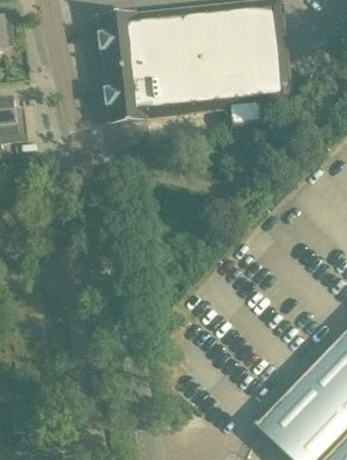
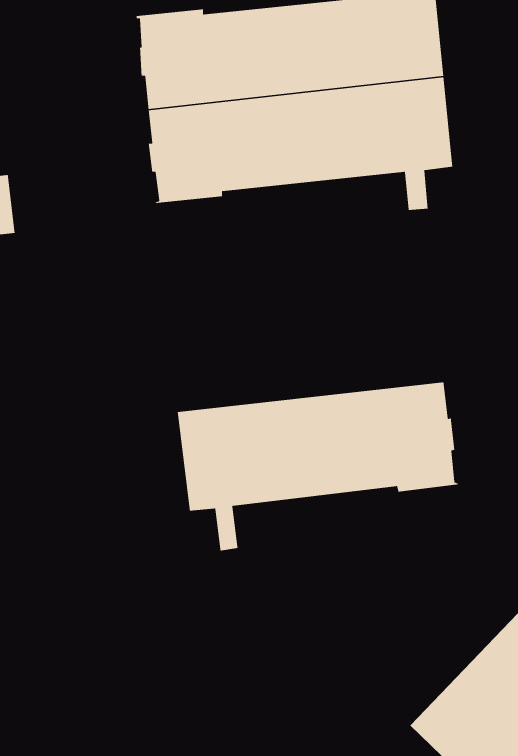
building: none -> [177,382,459,551]

